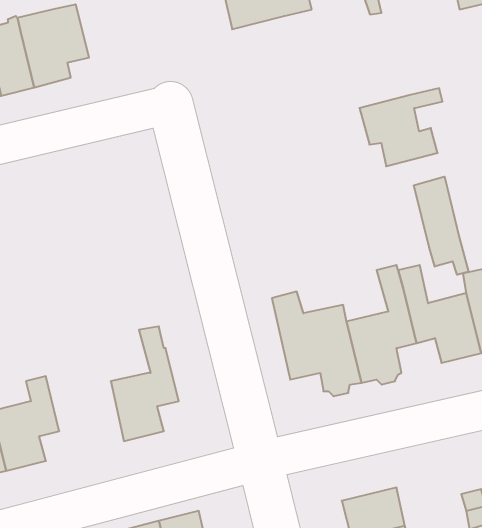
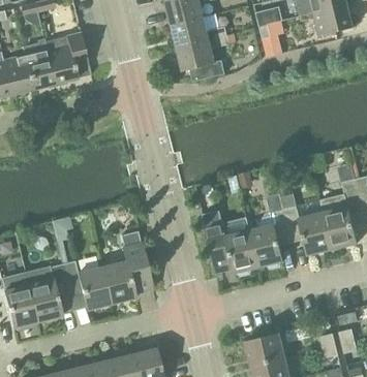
building: [359,88,443,166] -> [177,35,228,84]
building: [414,177,468,275] -> none
building: none -> [61,260,110,309]

